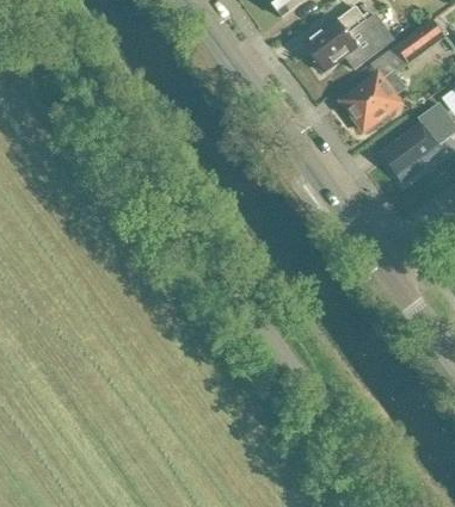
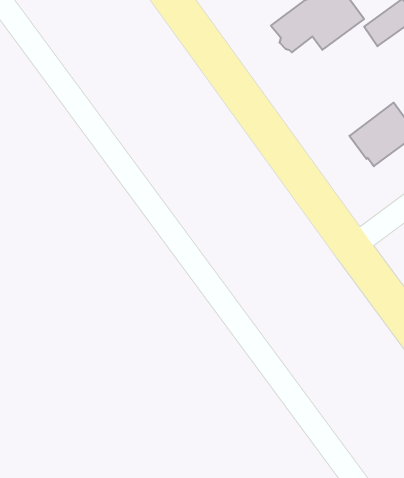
building: [343,68,407,128] -> none

